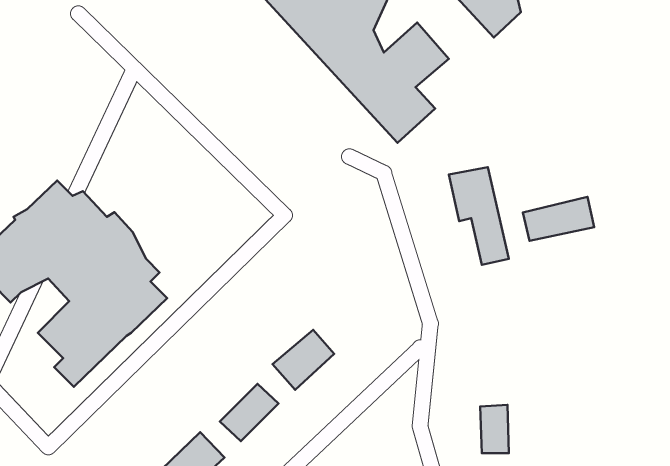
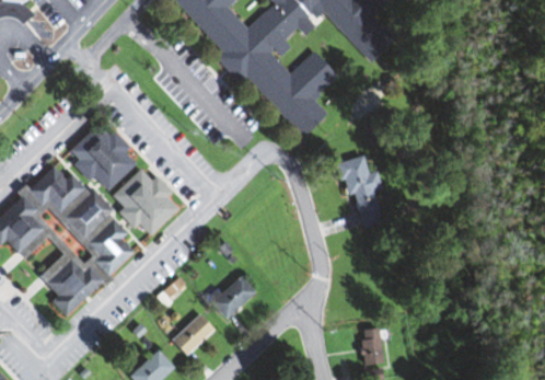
building: none -> [70,119,137,192]
building: none -> [111,169,178,237]
building: [523,197,594,241] -> none

